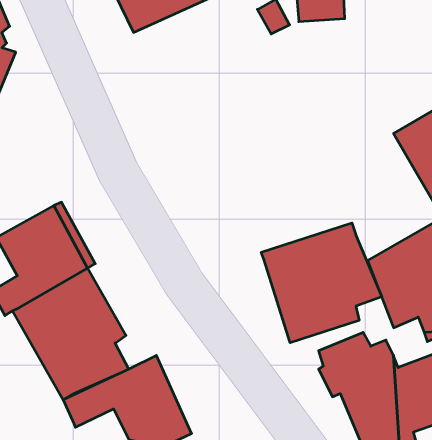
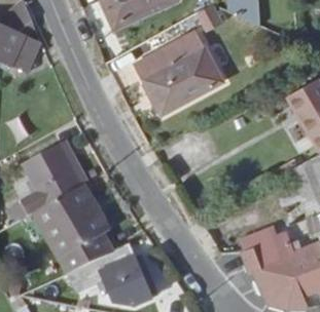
building: none -> [136,30,222,113]
building: [261,223,382,343] -> none

